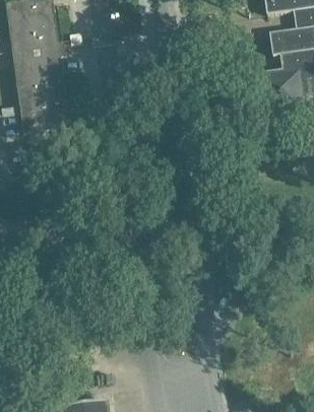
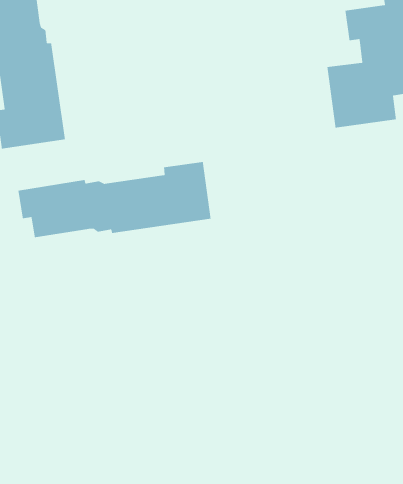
building: none -> [17,161,211,238]

